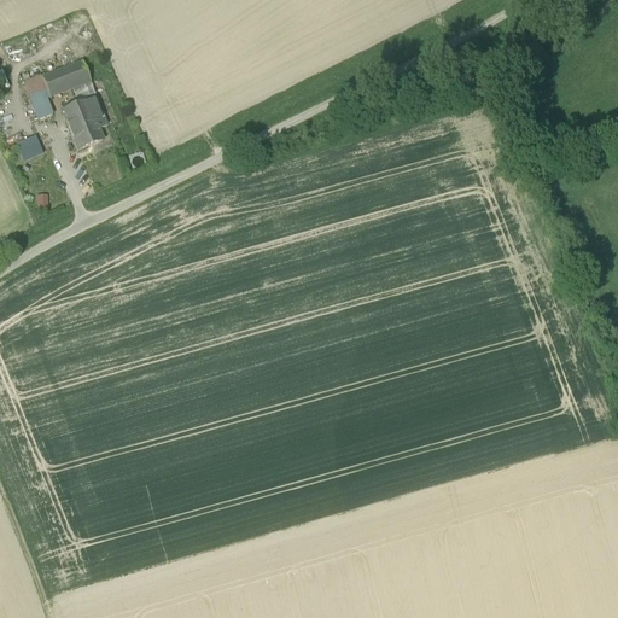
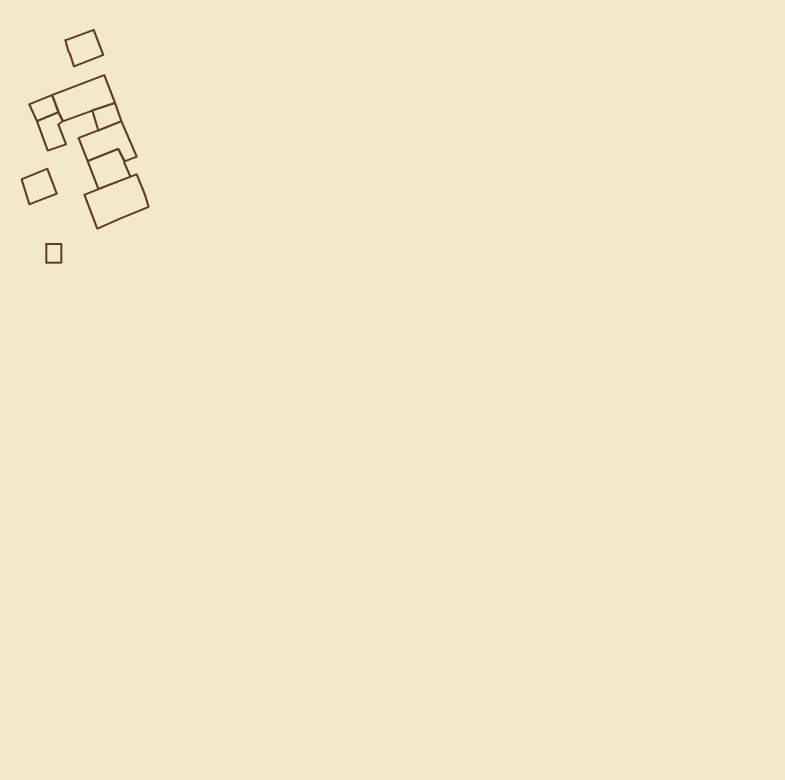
building: none -> [65,30,103,66]
building: none -> [84,174,148,229]

